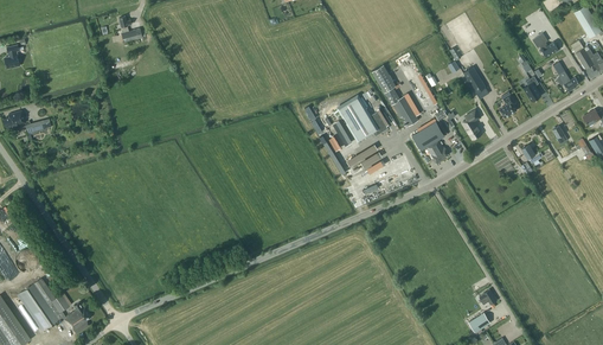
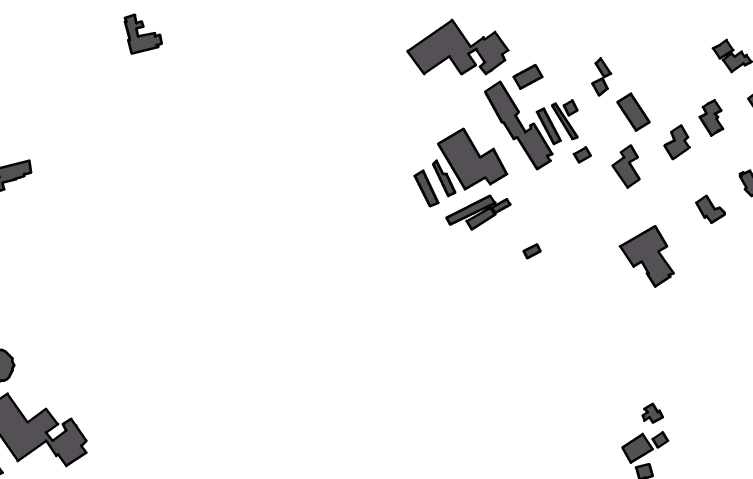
building: none -> [408,20,508,74]
building: [410,121,448,164] -> [620,226,674,287]

